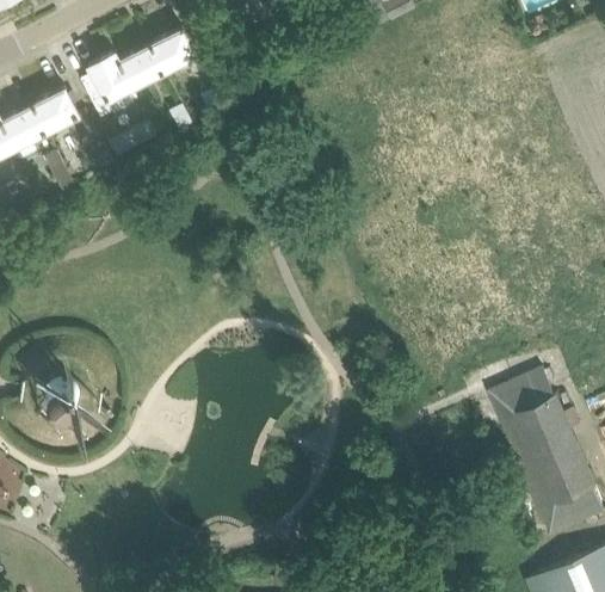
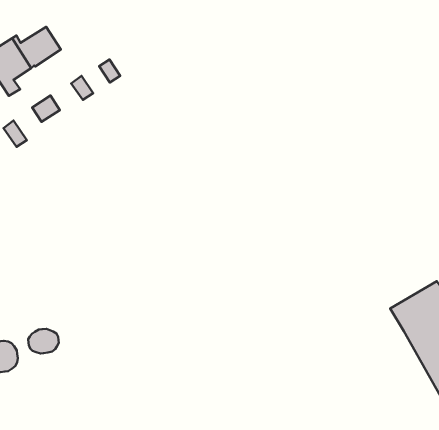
building: [149,31,196,74] -> none
building: none -> [28,329,59,353]

